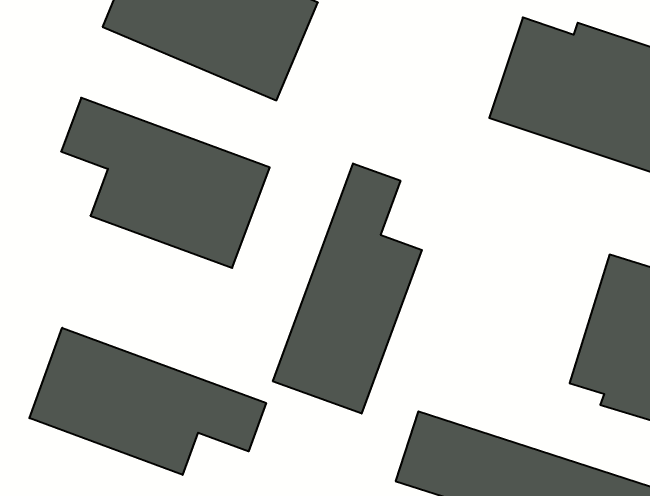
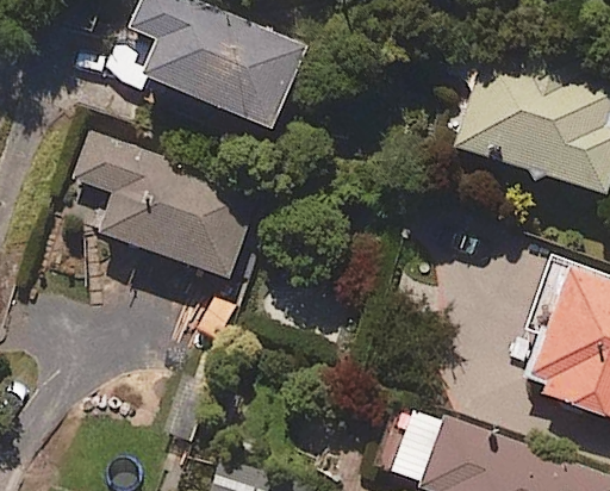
building: [273,163,422,414] -> none
building: [29,328,266,475] -> none

